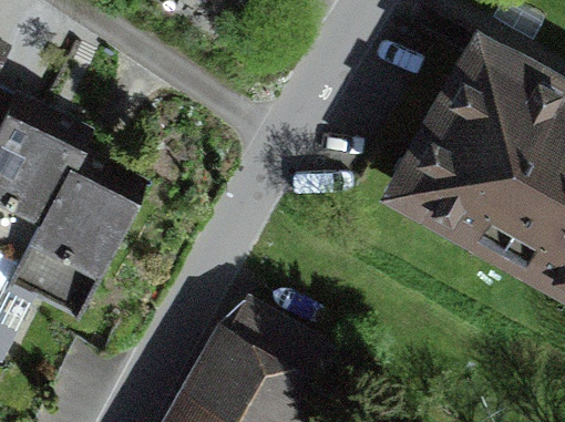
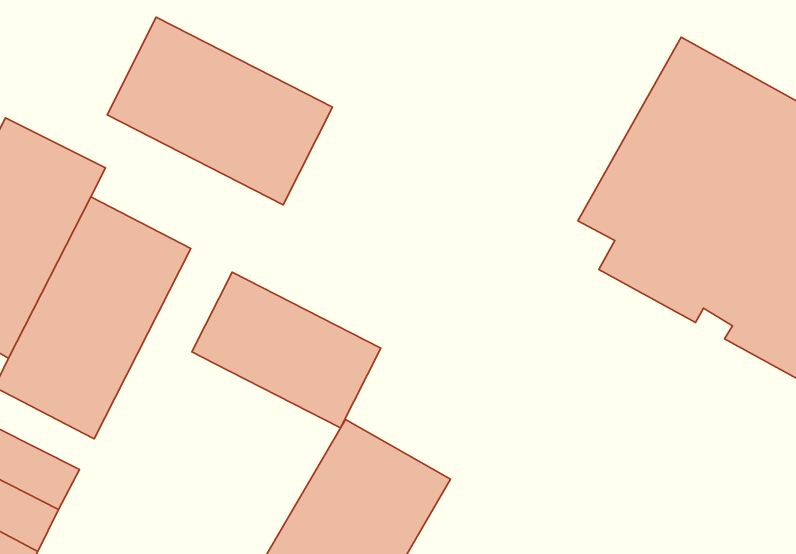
building: none -> [107,17,332,205]
building: none -> [192,272,381,428]

